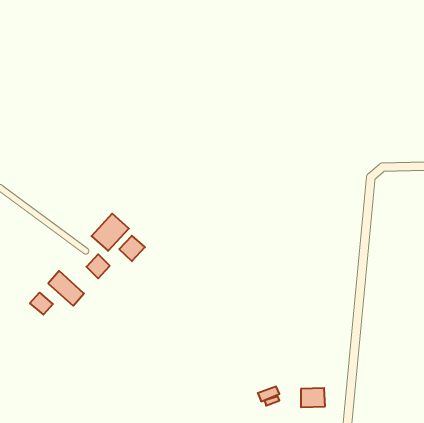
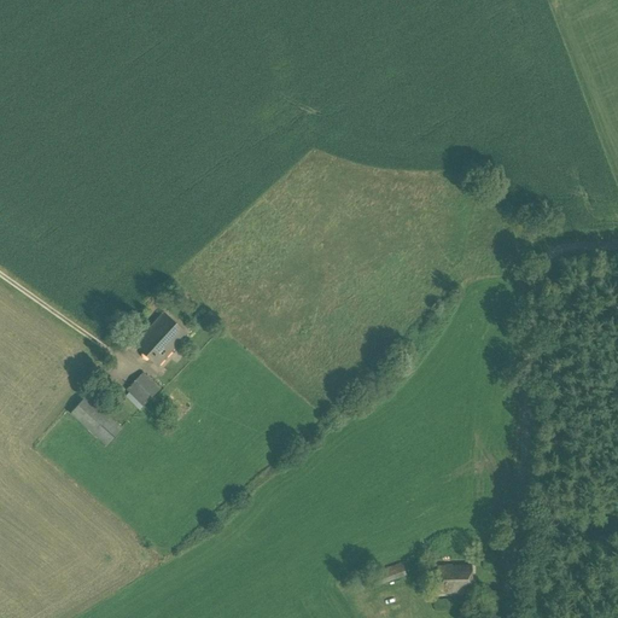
building: [119,236,145,261] -> none
building: [30,293,53,315] -> none

